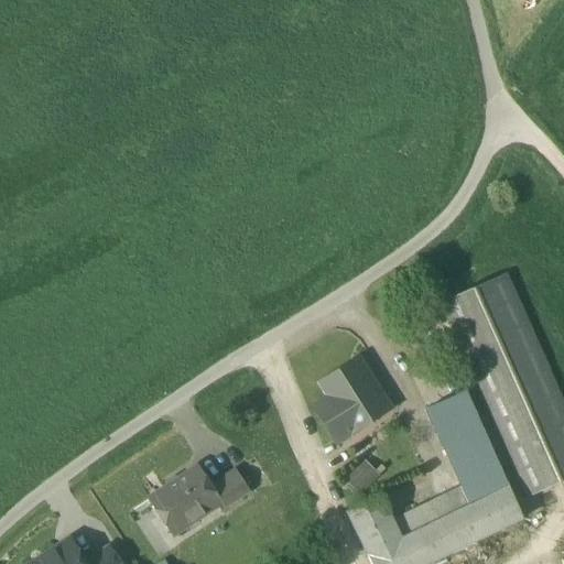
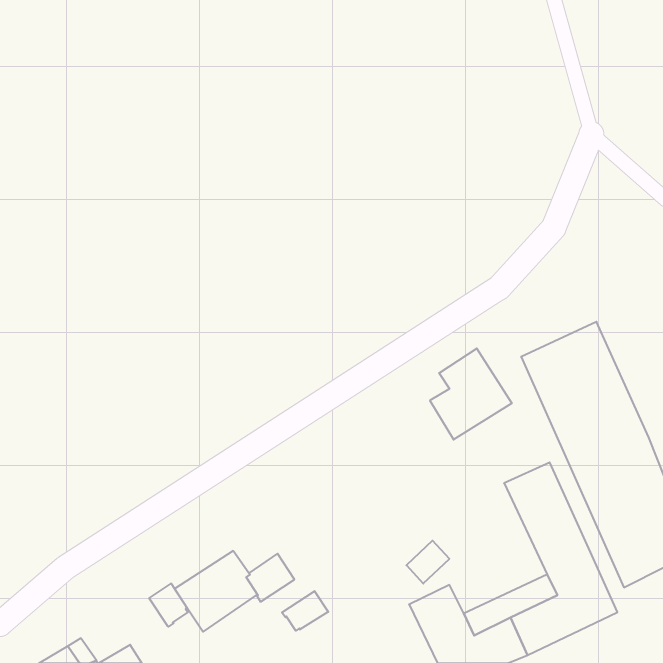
building: [318,361,388,438] -> [430,348,512,440]
building: none -> [149,583,188,627]
building: none -> [282,591,328,631]

